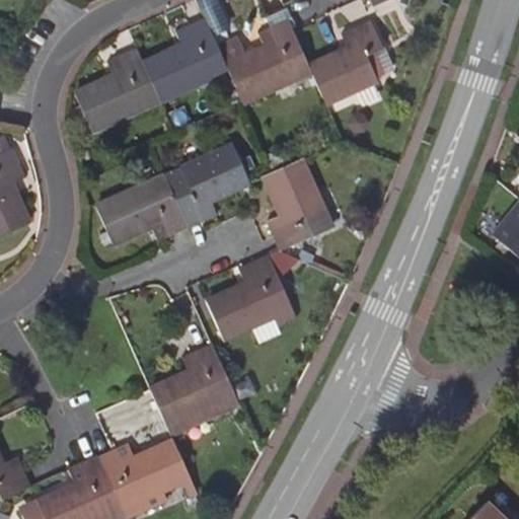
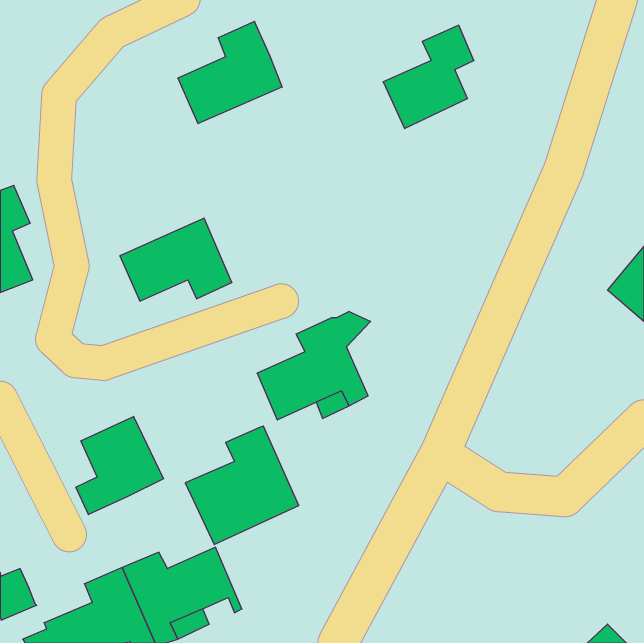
building: [217,6,310,100] -> none
building: [75,48,159,130] -> none
building: [164,145,249,227] -> none
building: [264,158,330,249] -> none
building: none -> [76,416,164,515]

